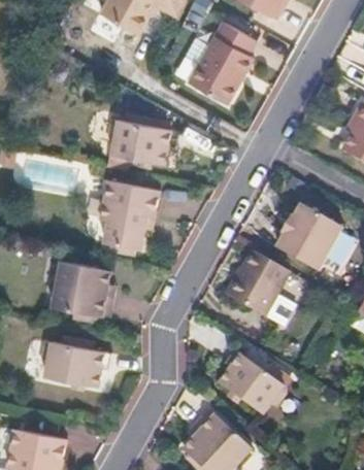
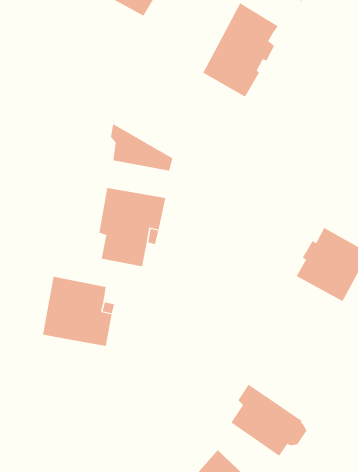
building: [113,114,179,149] -> none
building: [223,253,288,322] -> none
building: [40,339,110,384] -> none

